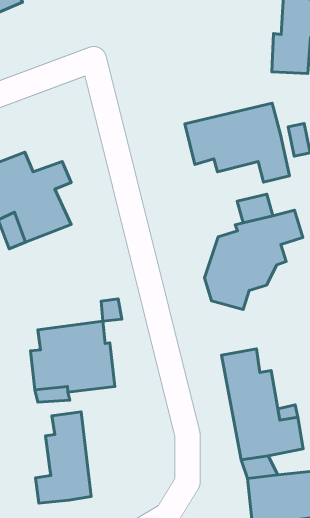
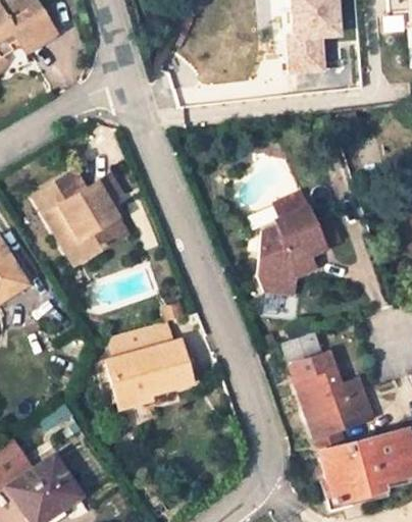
building: [185,103,290,182] -> none
building: [36,412,91,503] -> none

